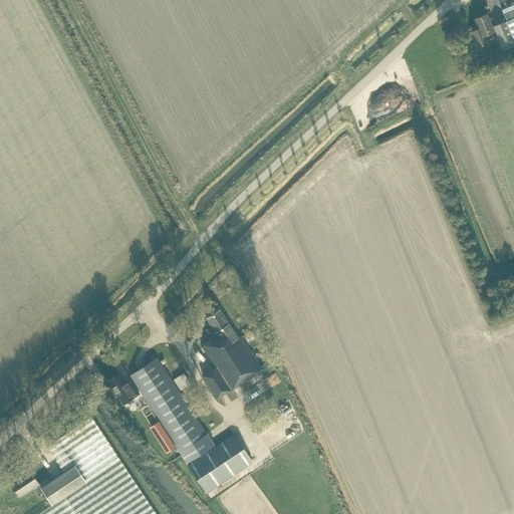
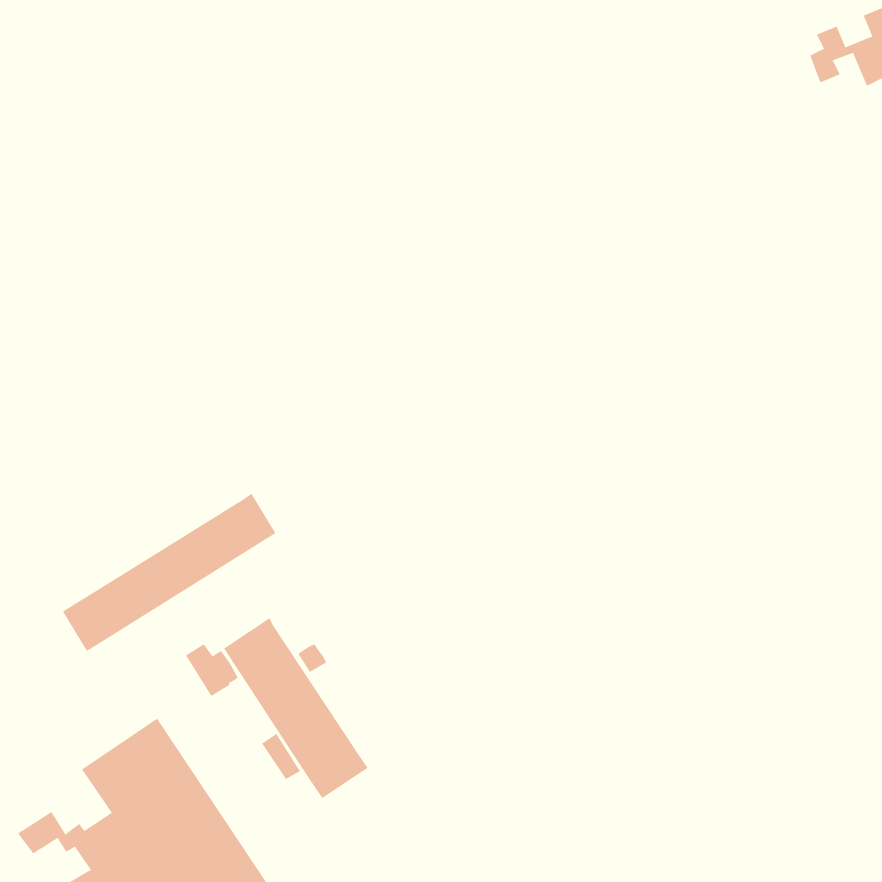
building: none -> [62,493,276,652]
building: [203,310,263,400] -> none
building: [189,435,253,493] -> none

